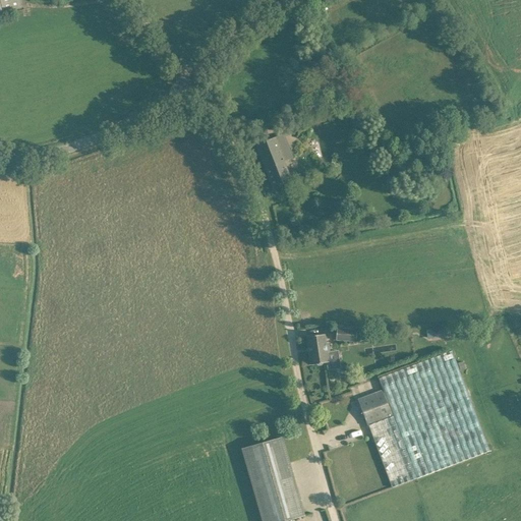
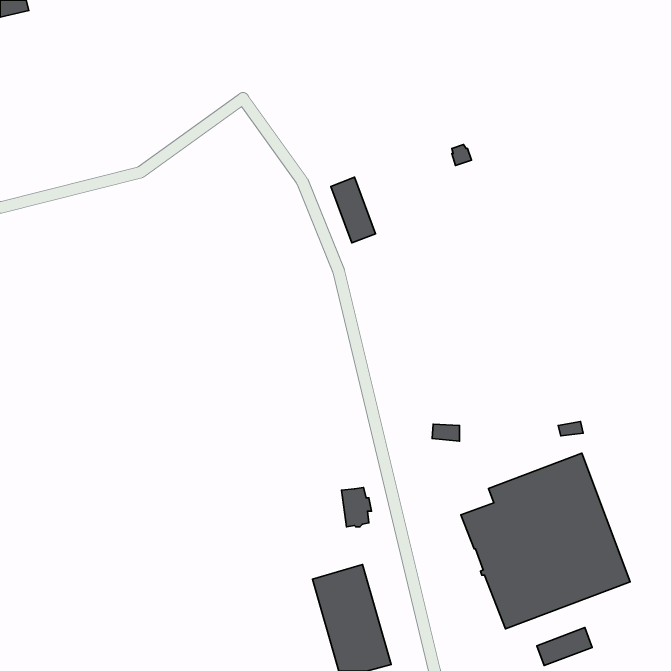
building: [306,335,330,365] -> [341,487,372,527]
building: none -> [537,628,592,666]

